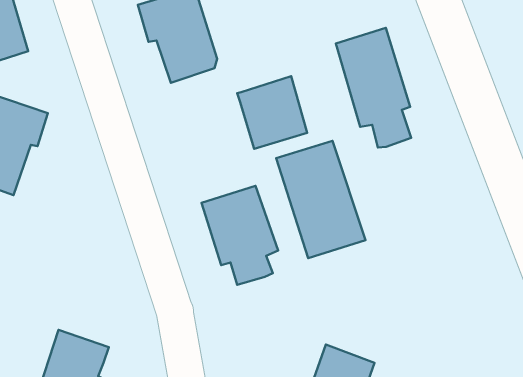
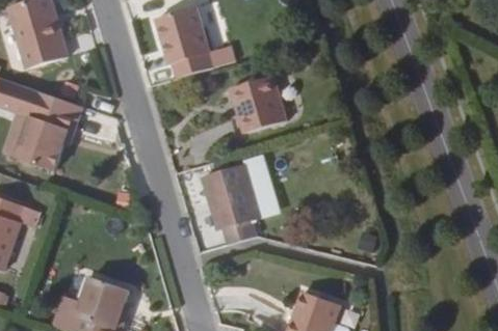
building: [336,28,411,147] -> none
building: [276,141,366,258] -> none

